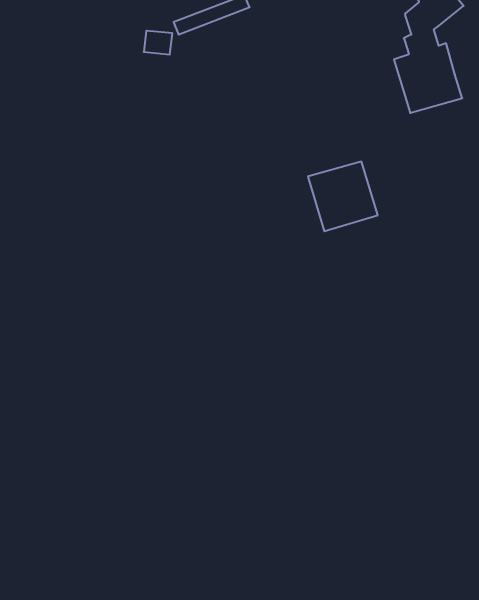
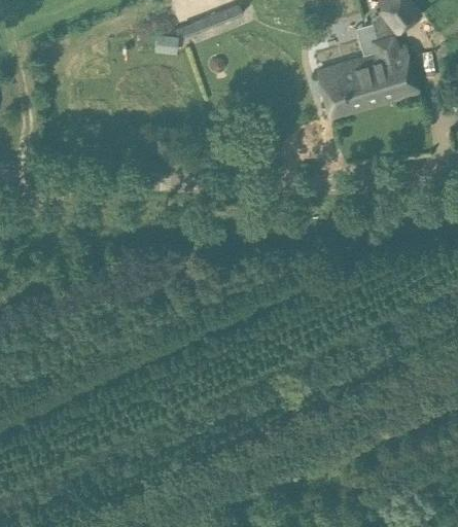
building: [308,162,378,231] -> [315,59,373,116]

